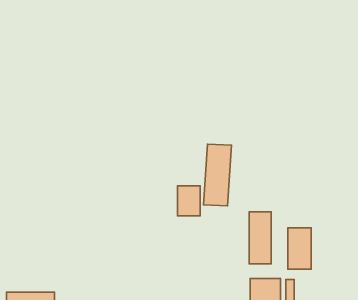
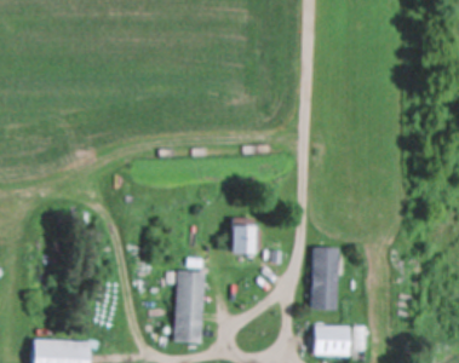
building: [203,144,232,206] -> [173,271,206,342]
building: [288,228,311,269] -> none

